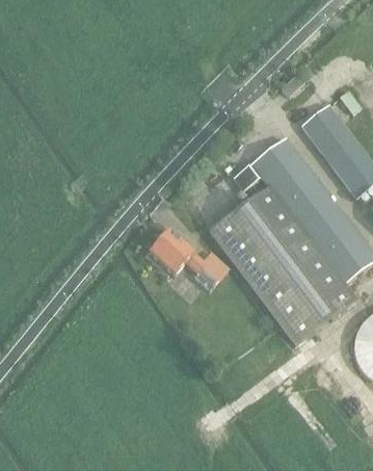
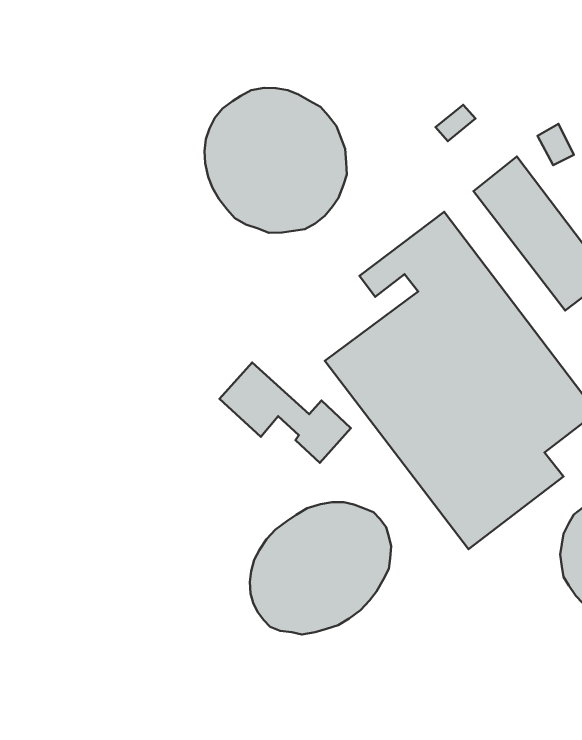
building: none -> [205,88,347,233]
building: none -> [250,502,391,634]

